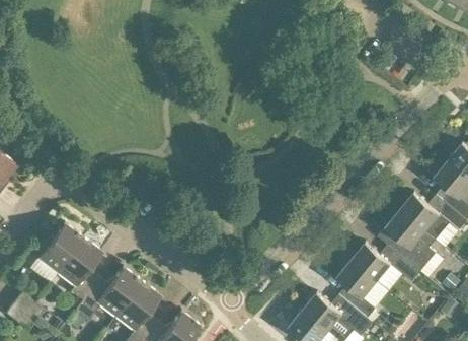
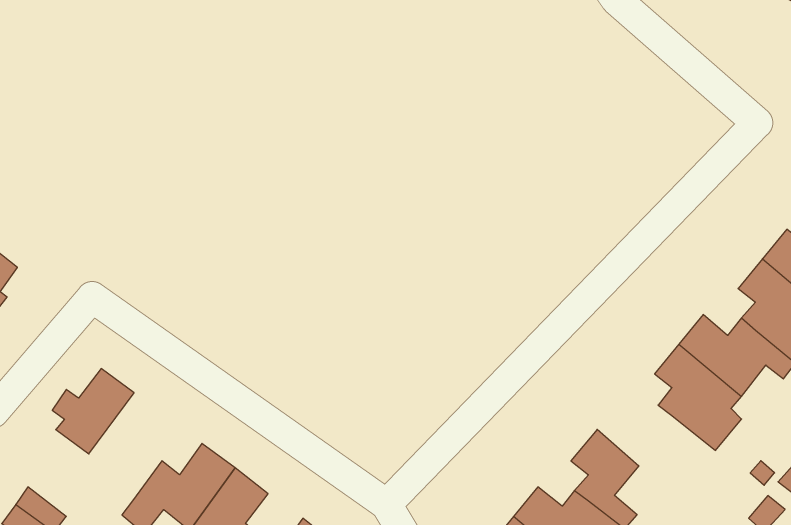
building: [56,237,101,300] -> none
building: [352,242,420,282] -> none

